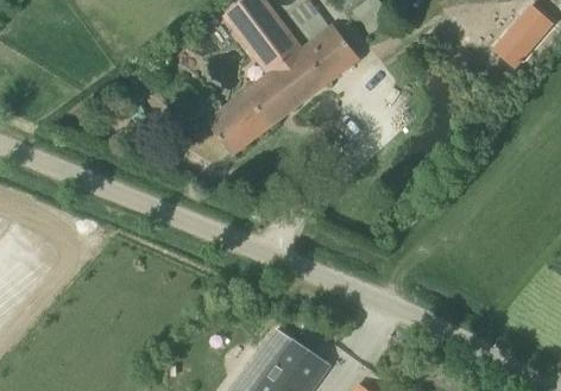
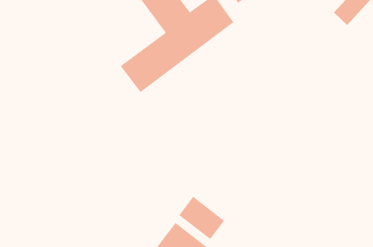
building: none -> [179,196,225,240]

